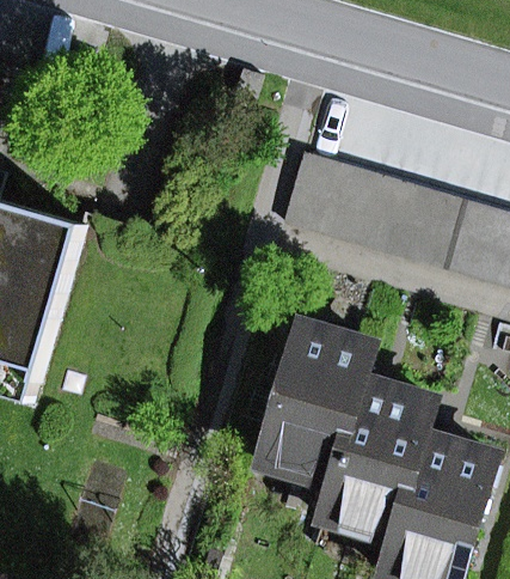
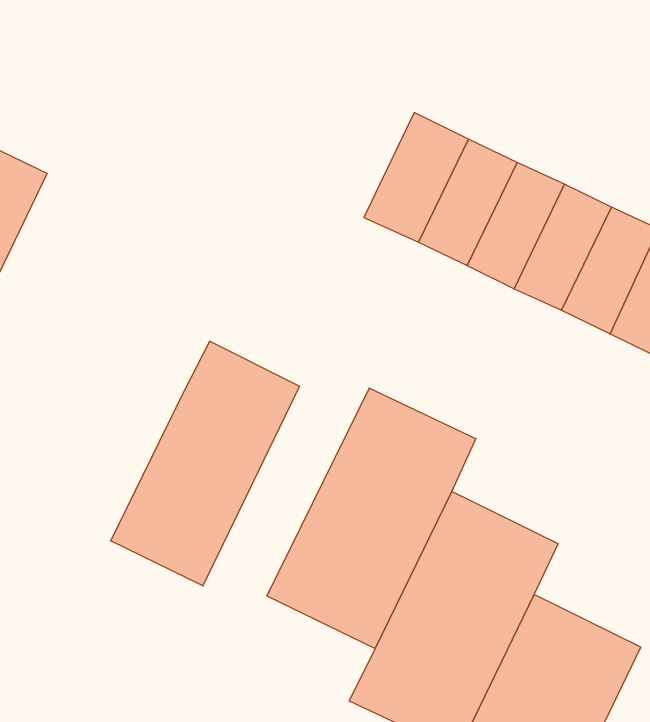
building: none -> [111,341,299,586]

